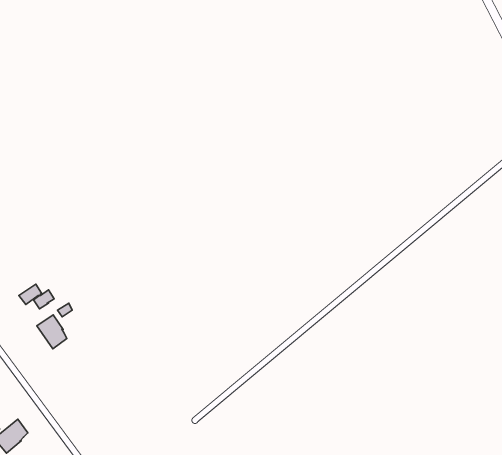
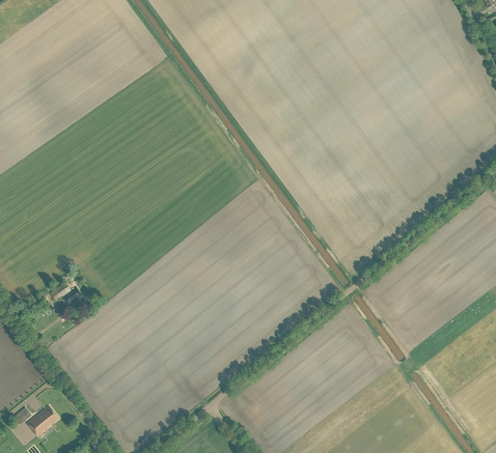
building: [37,315,67,349] -> none

